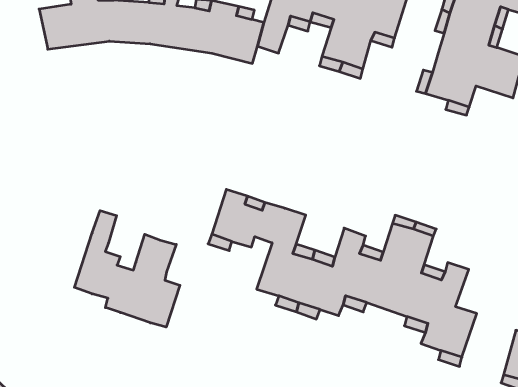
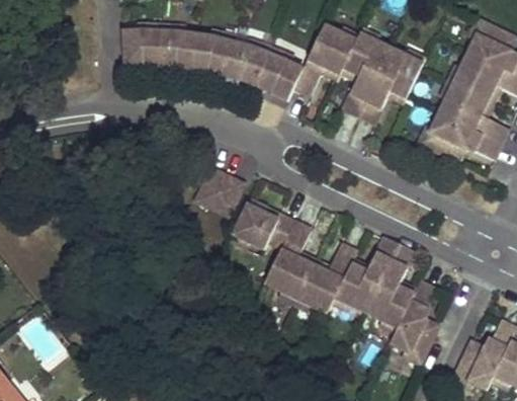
building: none -> [198,165,242,214]
building: [74,211,180,327] -> none

